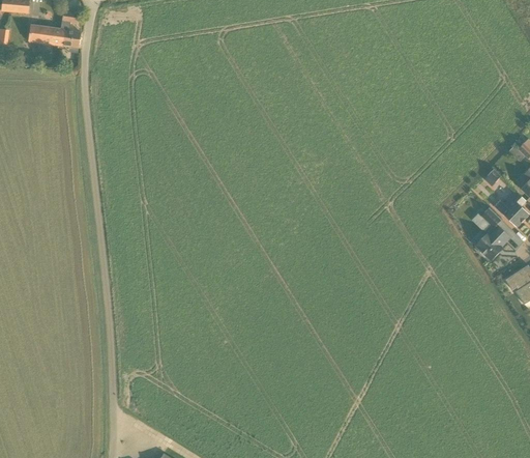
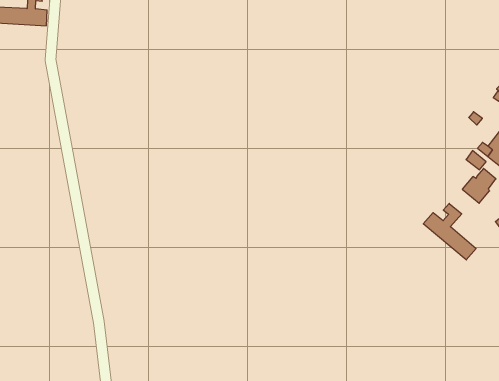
building: none -> [423,203,476,260]

